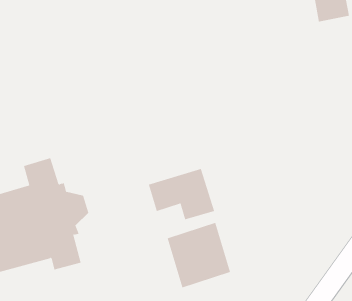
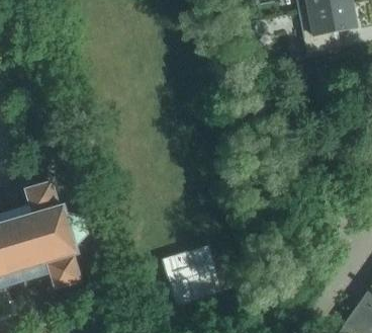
building: [148,168,215,220] -> none

